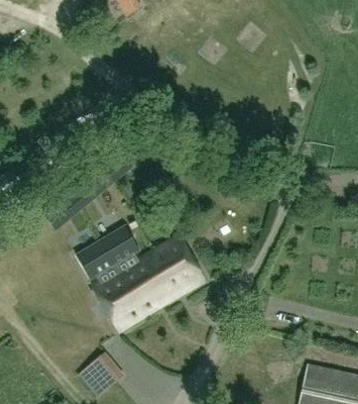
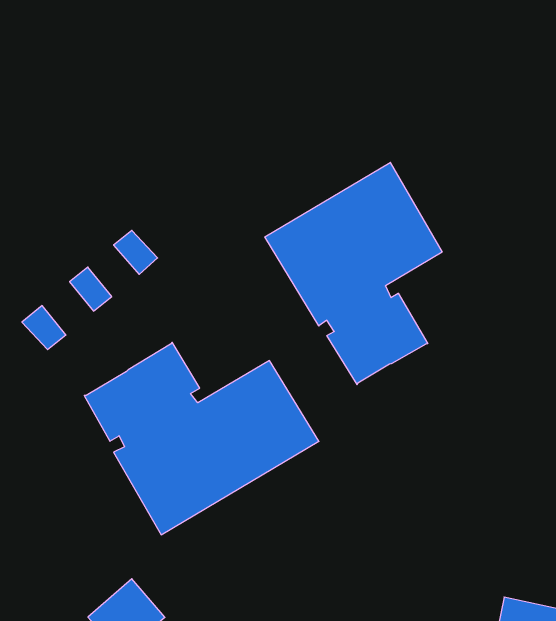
building: none -> [265,162,442,385]

